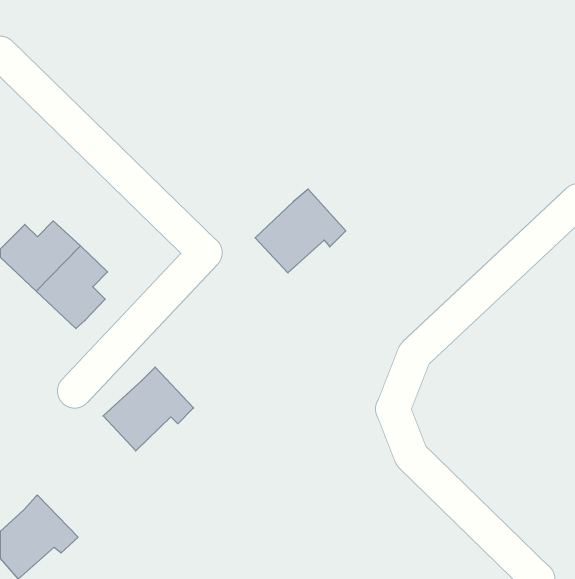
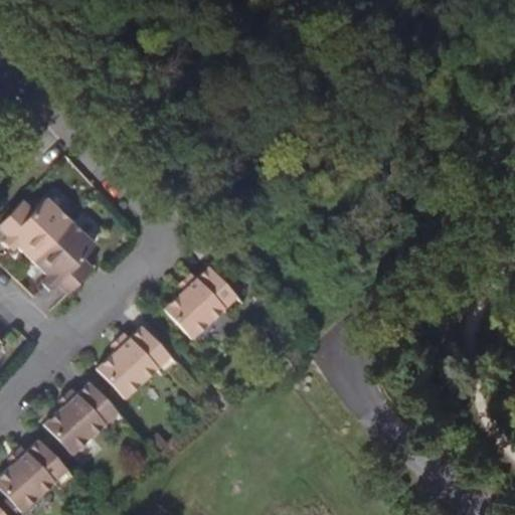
building: [255,189,346,273] -> [162,265,242,339]
building: none -> [42,380,123,455]

